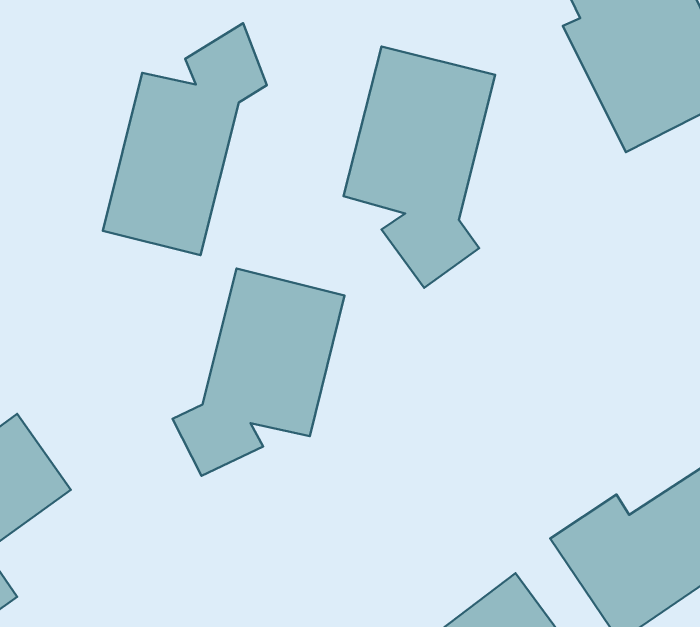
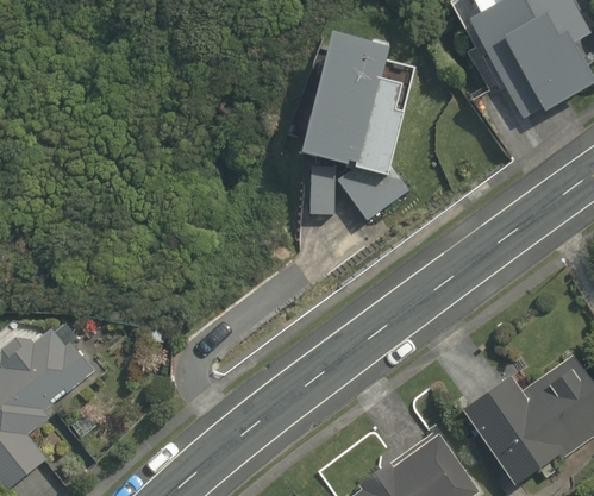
building: [103,23,267,255] -> none
building: [173,269,345,476] -> none

